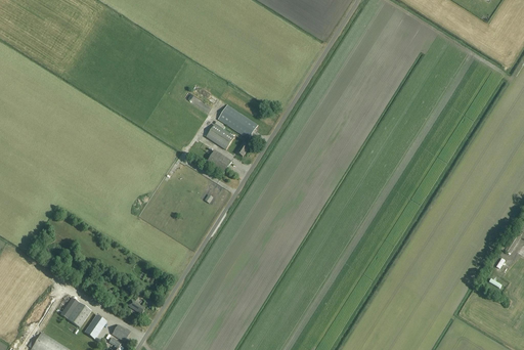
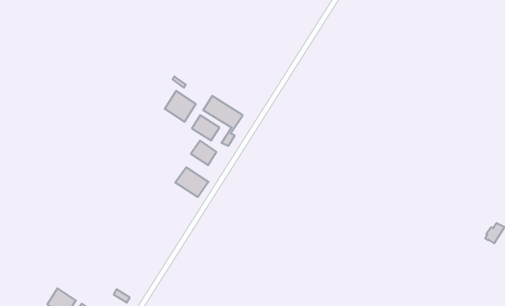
building: none -> [165,91,196,122]
building: none -> [175,167,209,197]

